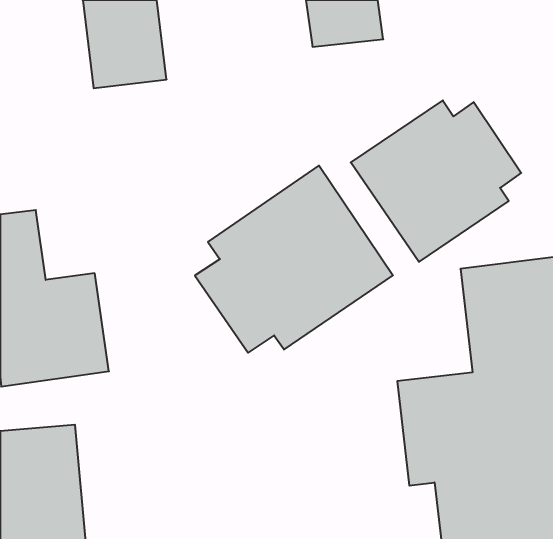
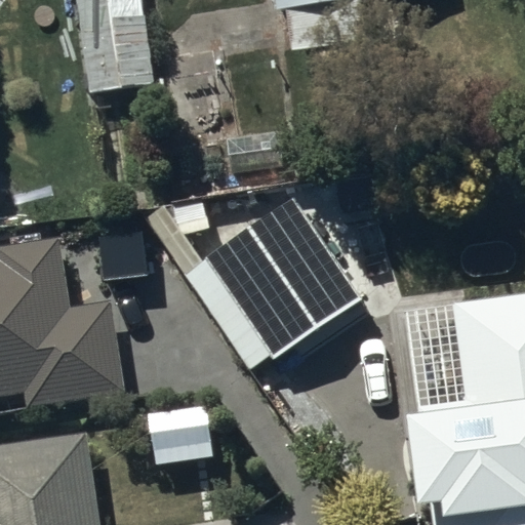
building: [351,100,521,262] -> none

